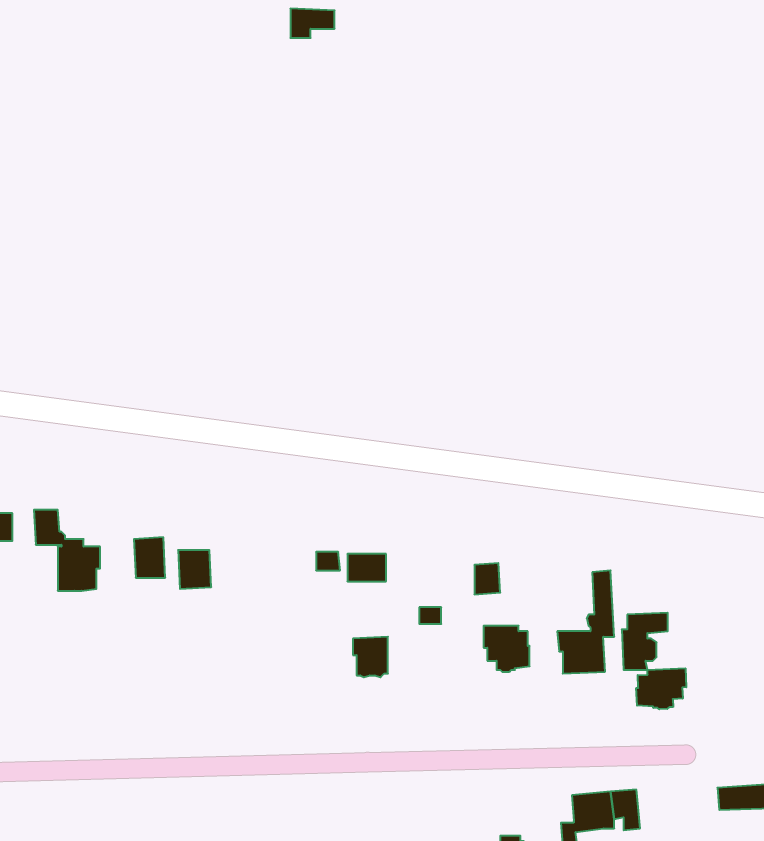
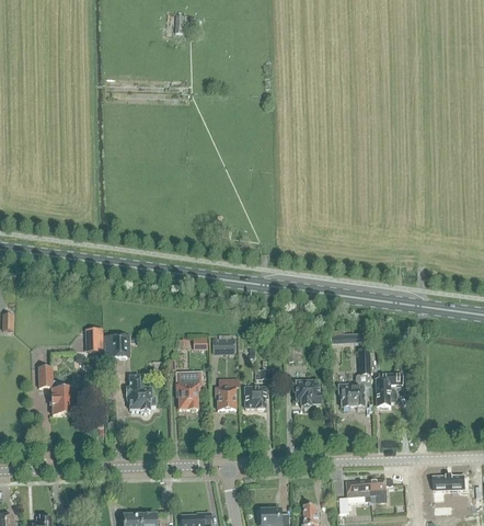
building: [34,510,100,591] -> [37,367,77,415]
building: none -> [175,370,200,411]
building: none -> [126,376,155,412]
building: none -> [243,386,267,409]
building: [636,668,686,709] -> none

